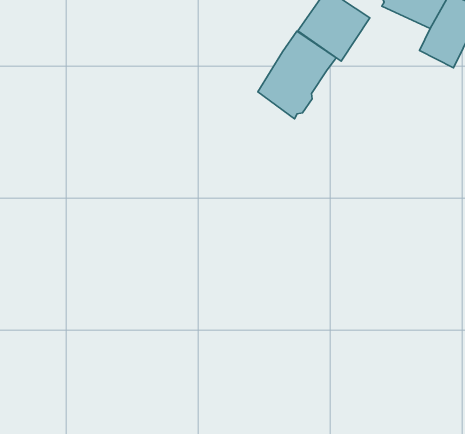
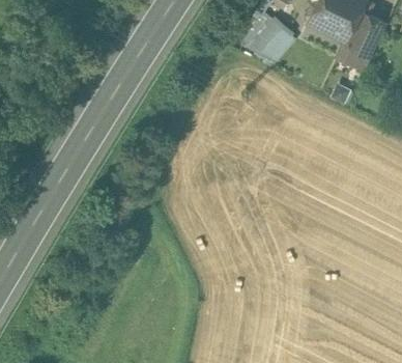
building: [258,31,336,119] -> none

